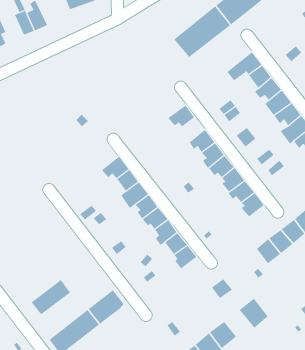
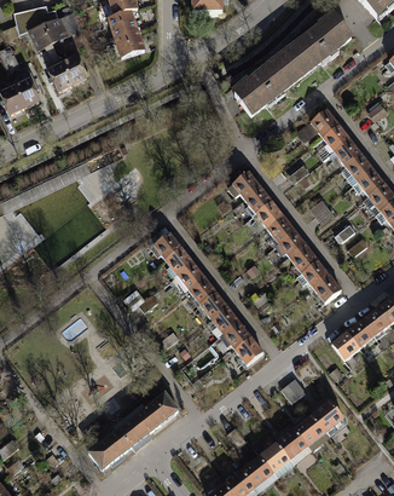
building: none -> [232,185,272,215]
building: [31,279,71,315] -> none
building: none -> [295,414,330,449]

